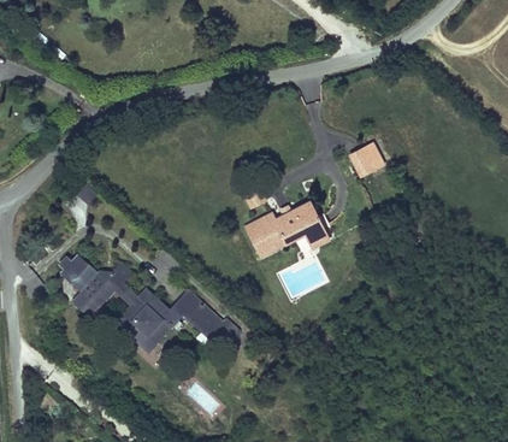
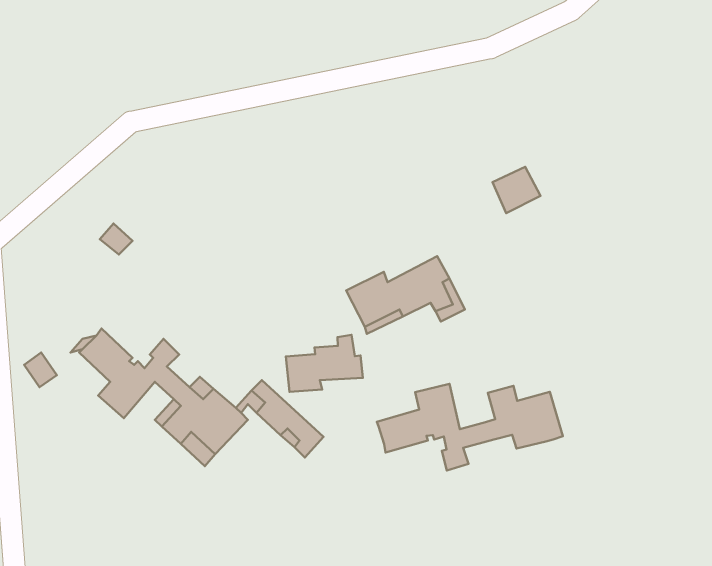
building: none -> [286,335,363,392]
building: none -> [377,384,563,471]

